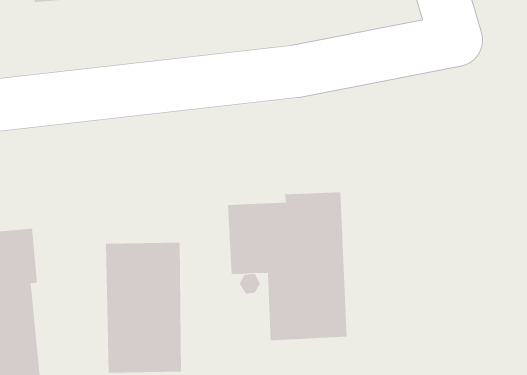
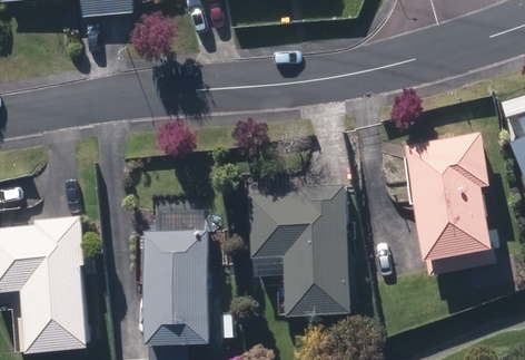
building: none -> [404,135,496,274]

